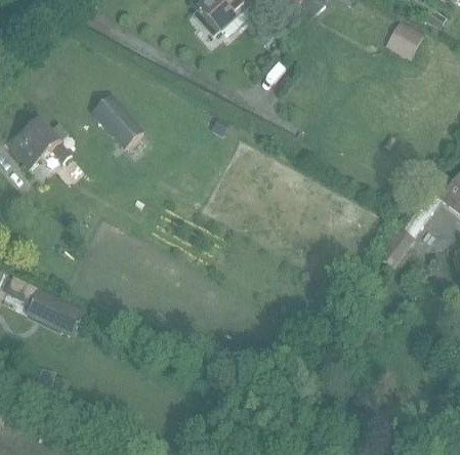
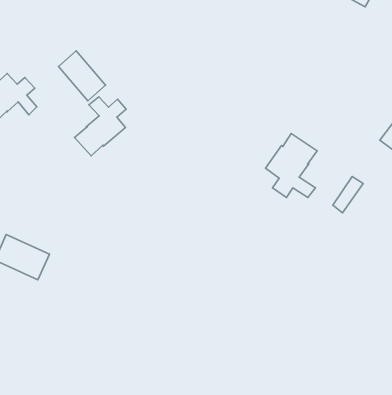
building: none -> [74,97,126,156]
building: none -> [265,133,317,198]

